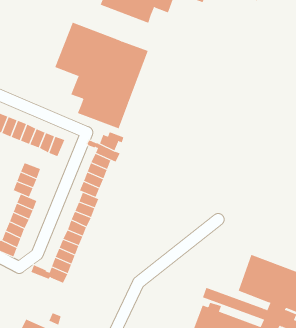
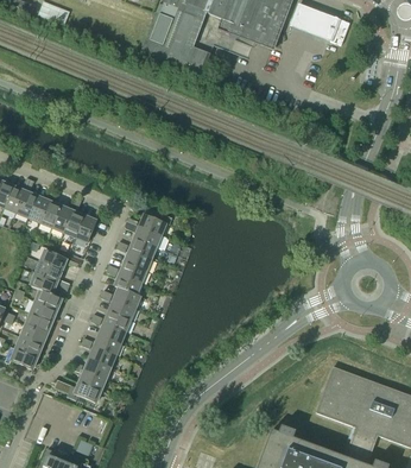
building: [55,22,148,129] -> none

